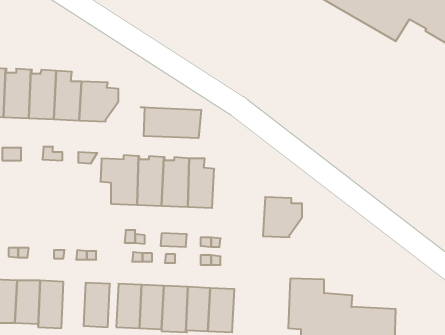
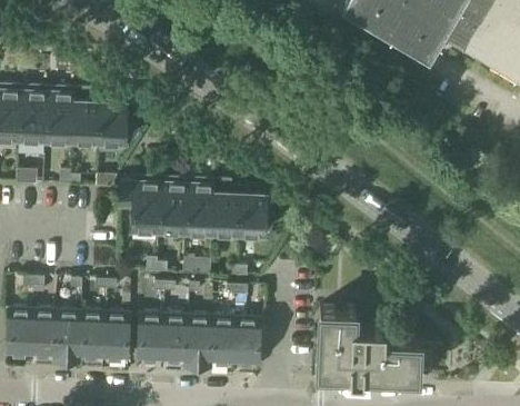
building: [141,107,201,138] -> none
building: [263,197,302,237] -> [236,192,277,235]
building: none -> [77,311,102,360]

